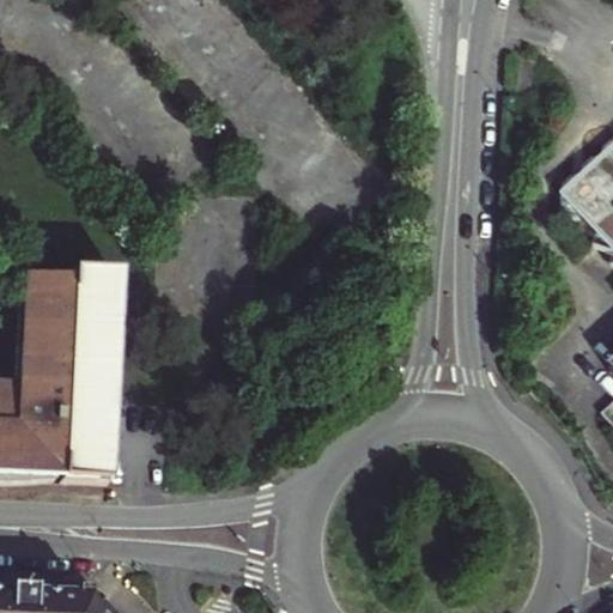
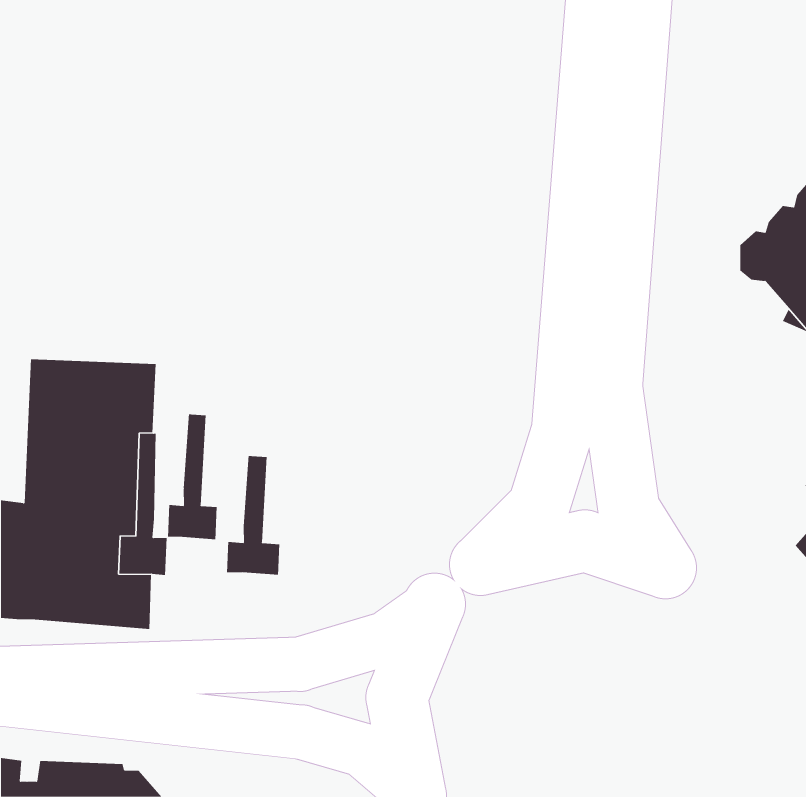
building: none -> [168,413,217,540]
building: none -> [227,455,280,576]

